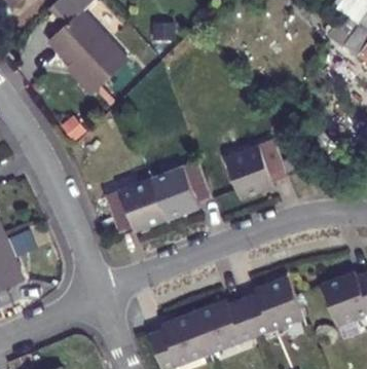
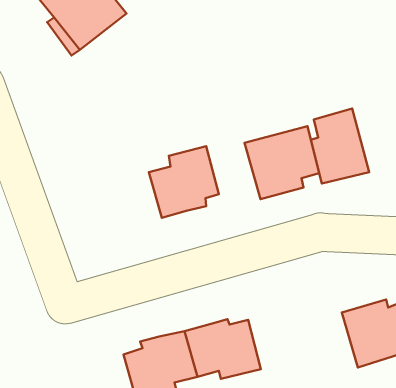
building: none -> [311,109,369,184]
building: [105,183,167,231] -> none
building: [242,272,298,332] -> none

